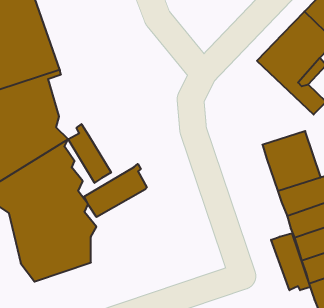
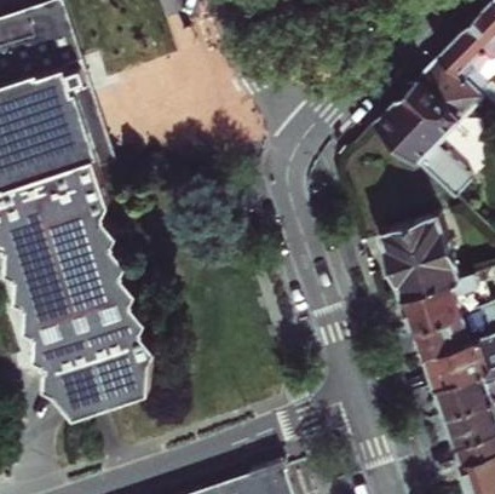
building: [68,124,111,183] -> none
building: [84,164,147,217] -> none
building: [271,233,310,290] -> none

